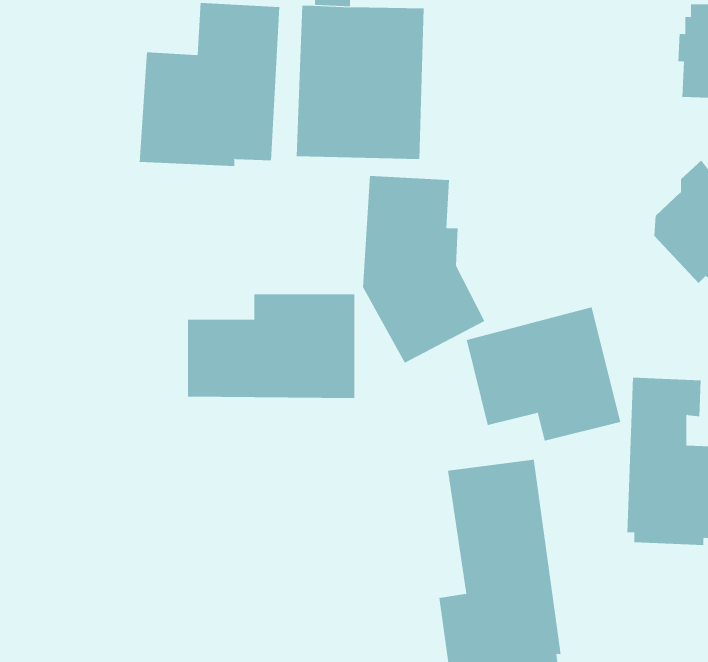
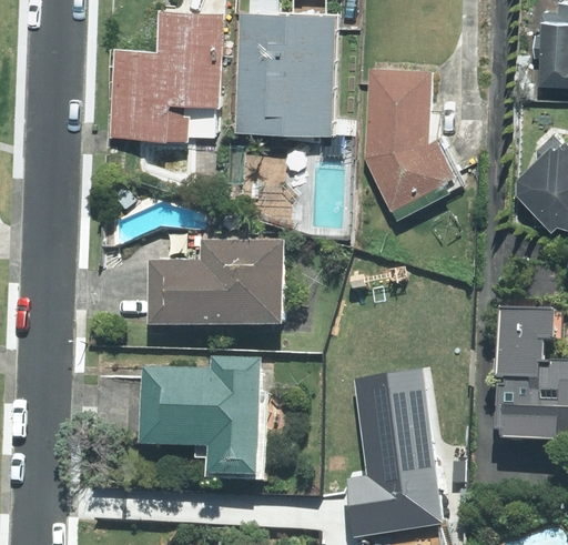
building: [362,175,485,364] -> [364,70,460,218]
building: [466,307,621,442] -> none
building: none -> [140,355,267,480]

